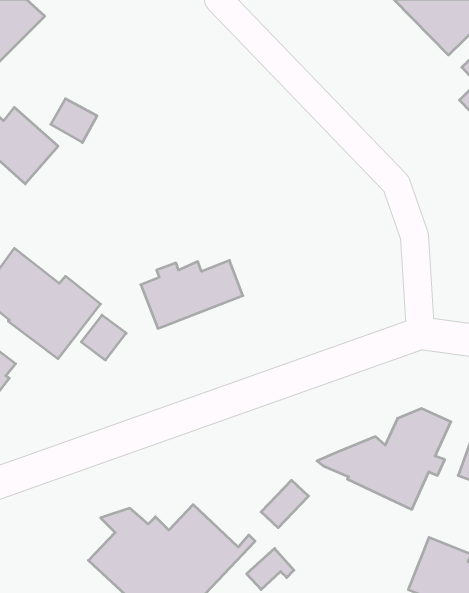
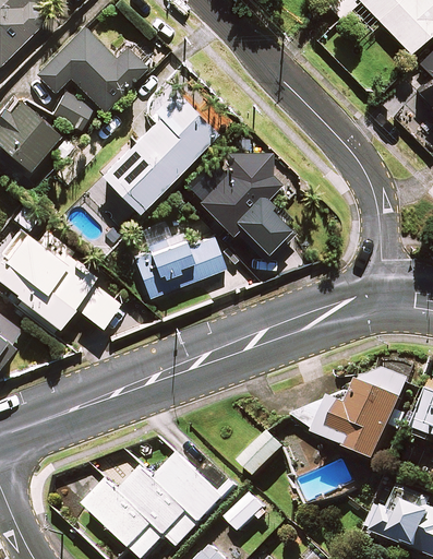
building: none -> [36,26,147,111]
building: none -> [99,88,218,212]
building: none -> [197,152,296,263]

